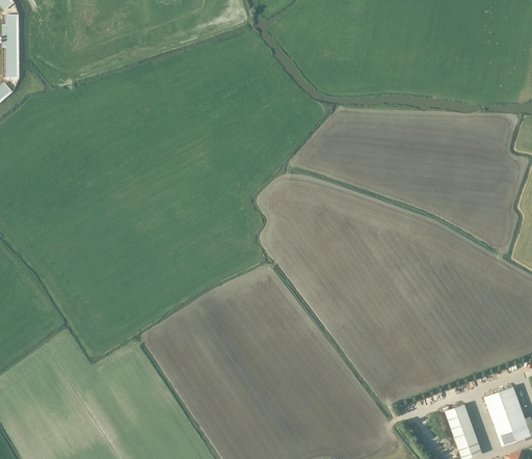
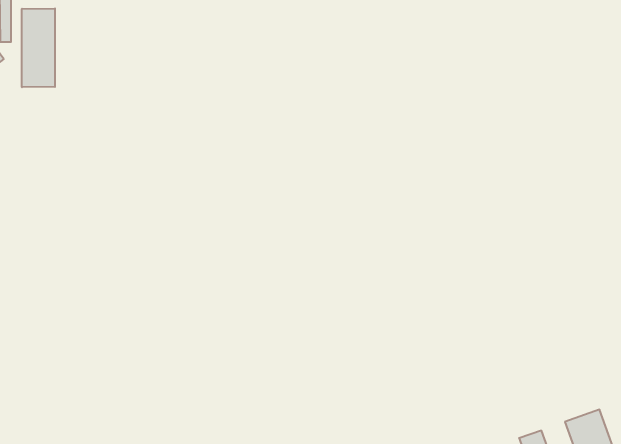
building: none -> [22,8,55,87]

